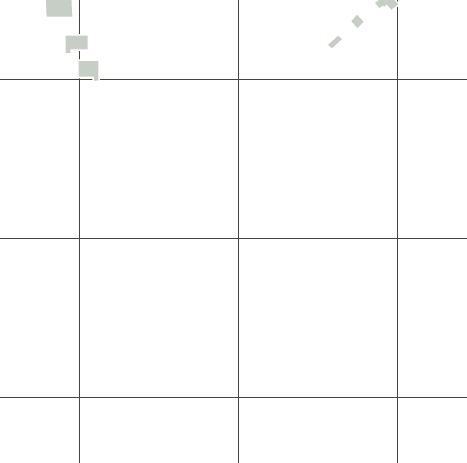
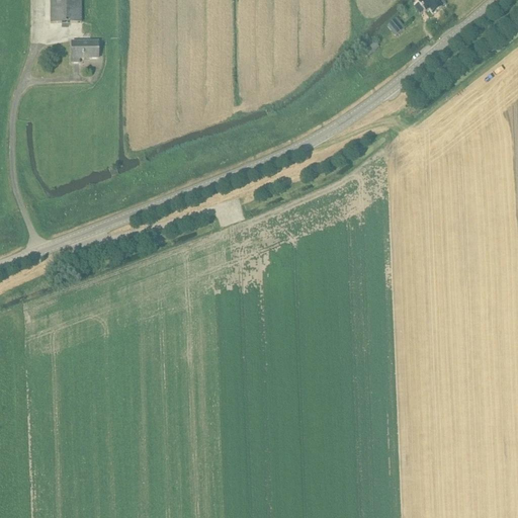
building: [78,60,99,82] -> none

